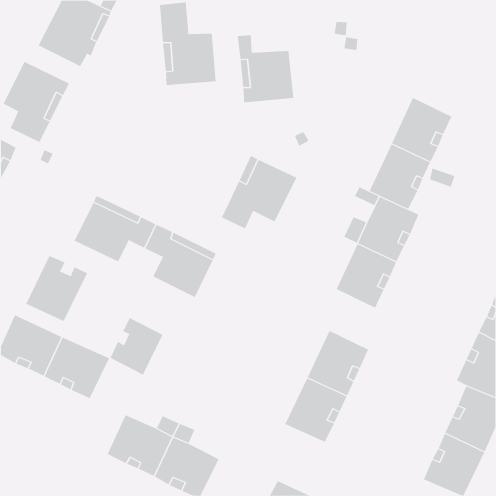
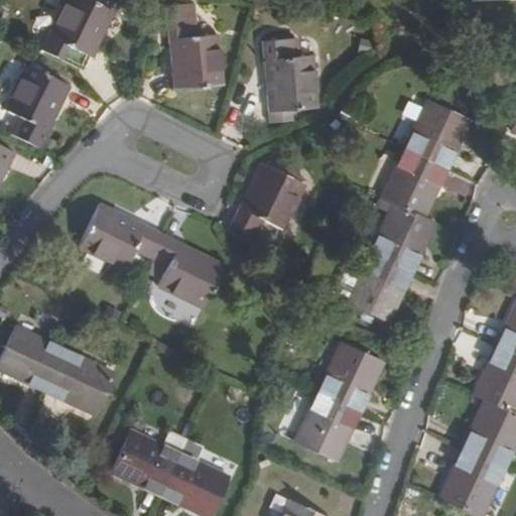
building: [25,255,88,322] -> none
building: [110,317,163,375] -> none

